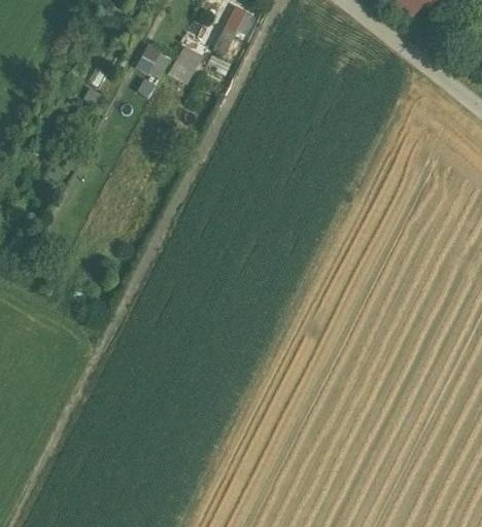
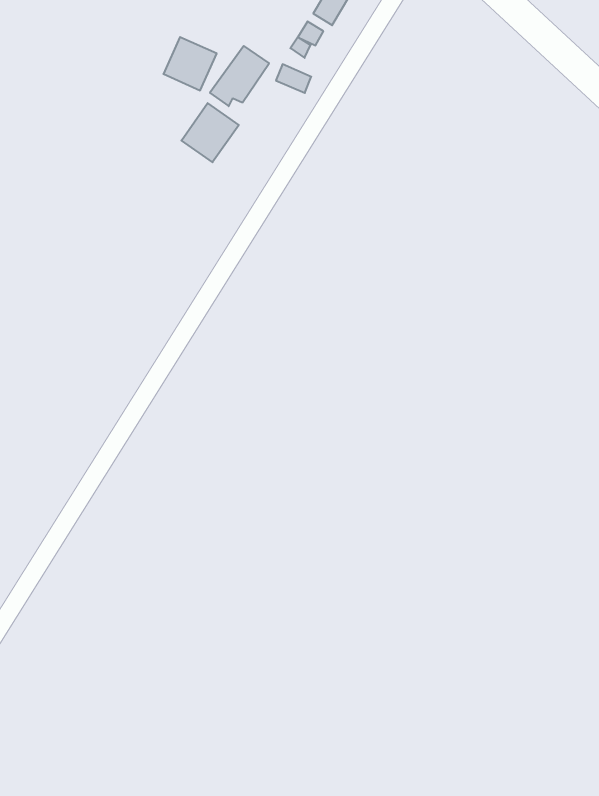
building: none -> [181,103,239,162]

